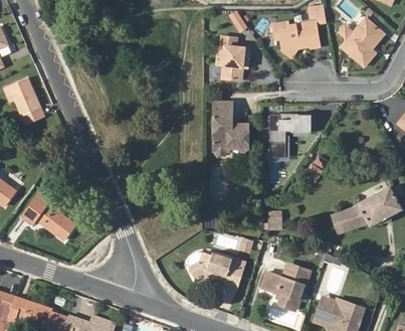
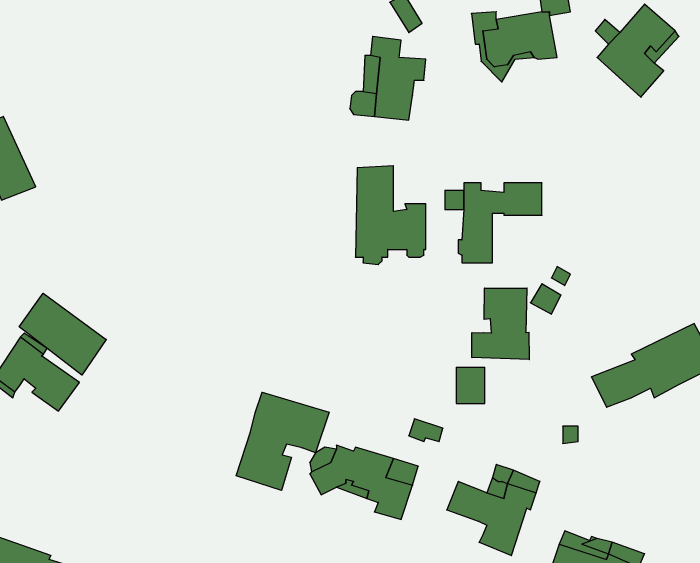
building: none -> [472,288,529,360]
building: none -> [19,293,106,375]
building: none -> [236,392,329,490]

